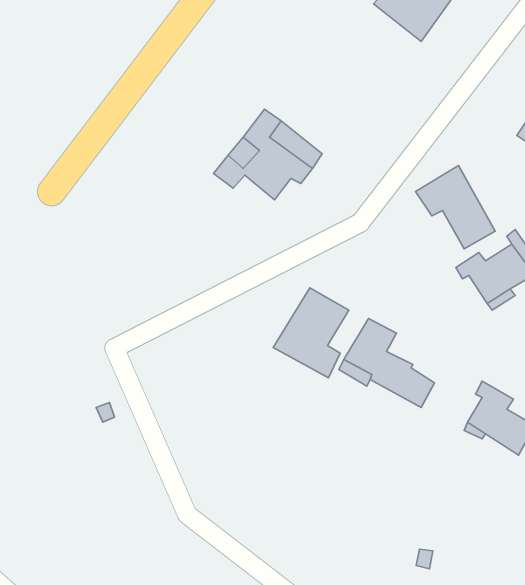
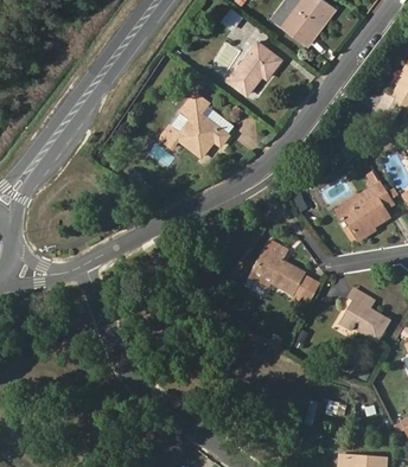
building: none -> [228,41,282,95]
building: [415,165,495,249] -> none
building: [273,288,349,378] -> none

